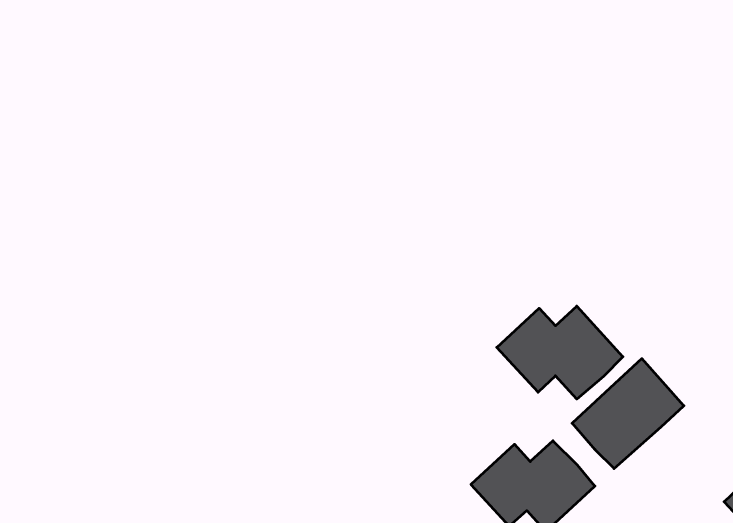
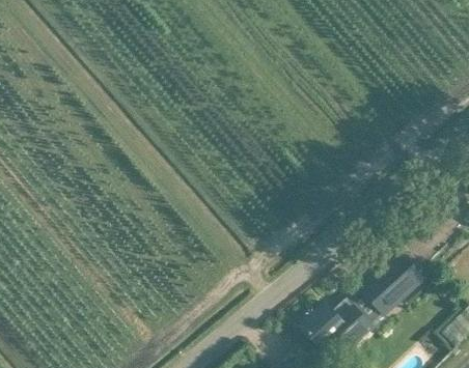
building: [497,306,623,399] -> none

